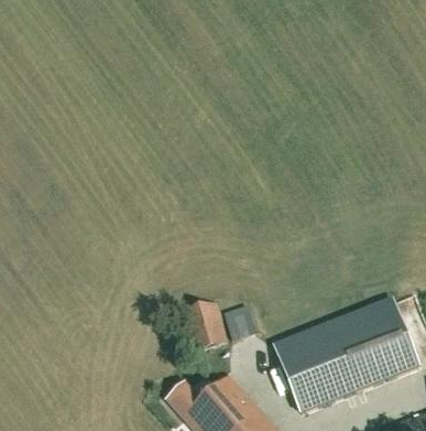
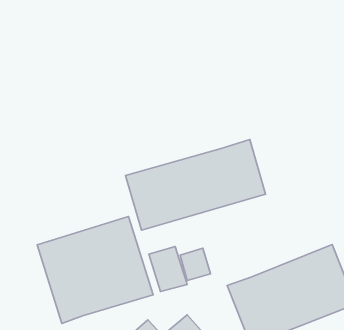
building: none -> [126,139,266,230]
building: none -> [37,216,153,323]

